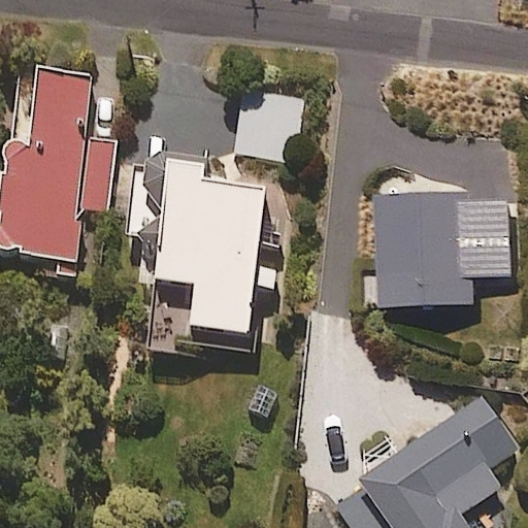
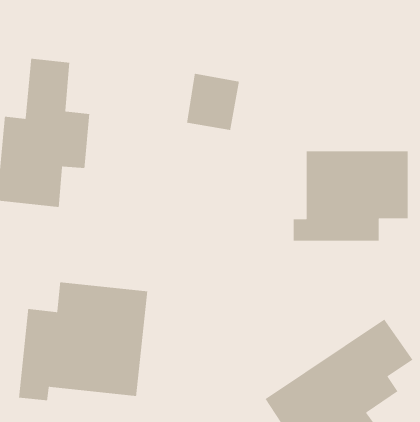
building: [156,162,263,334] -> none
building: none -> [18,281,148,401]

